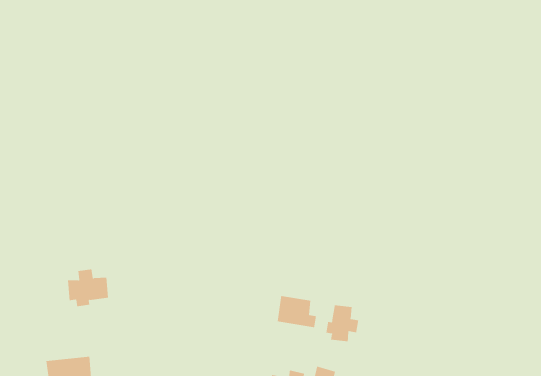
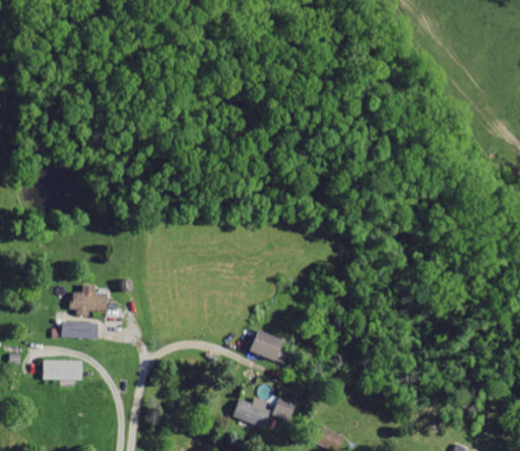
building: [326,305,359,342] -> none
building: none -> [61,322,99,338]

